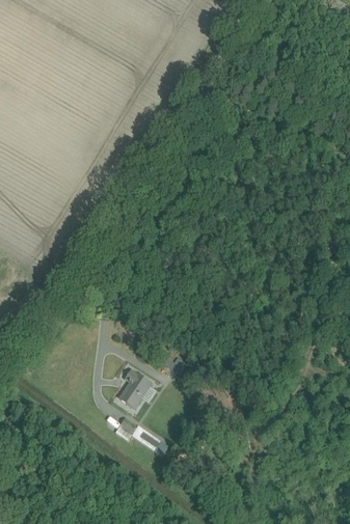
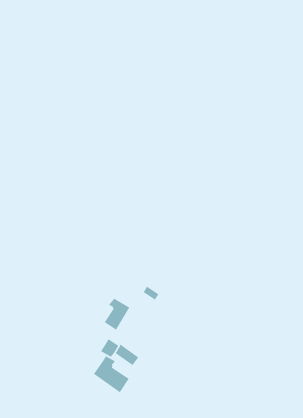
building: none -> [93,356,130,393]

